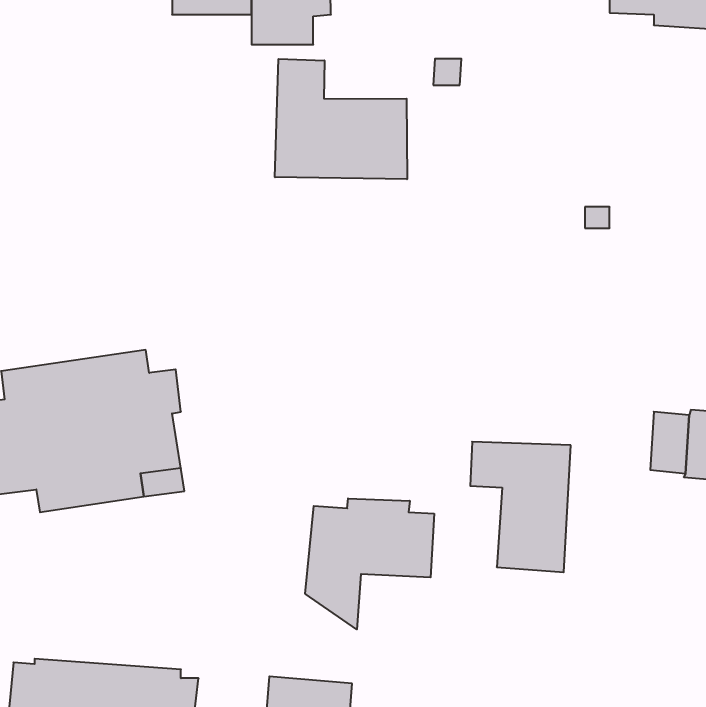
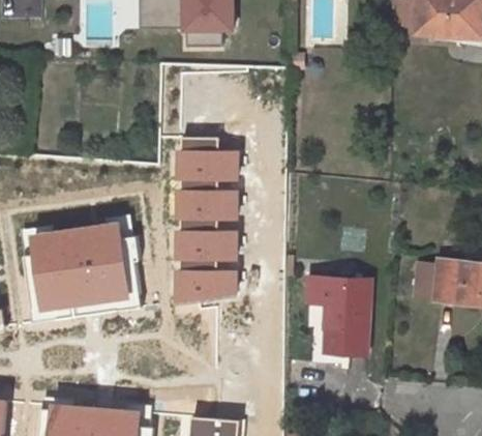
building: [275,59,407,179] -> none
building: none -> [179,137,238,301]
building: [305,498,434,629] -> none

